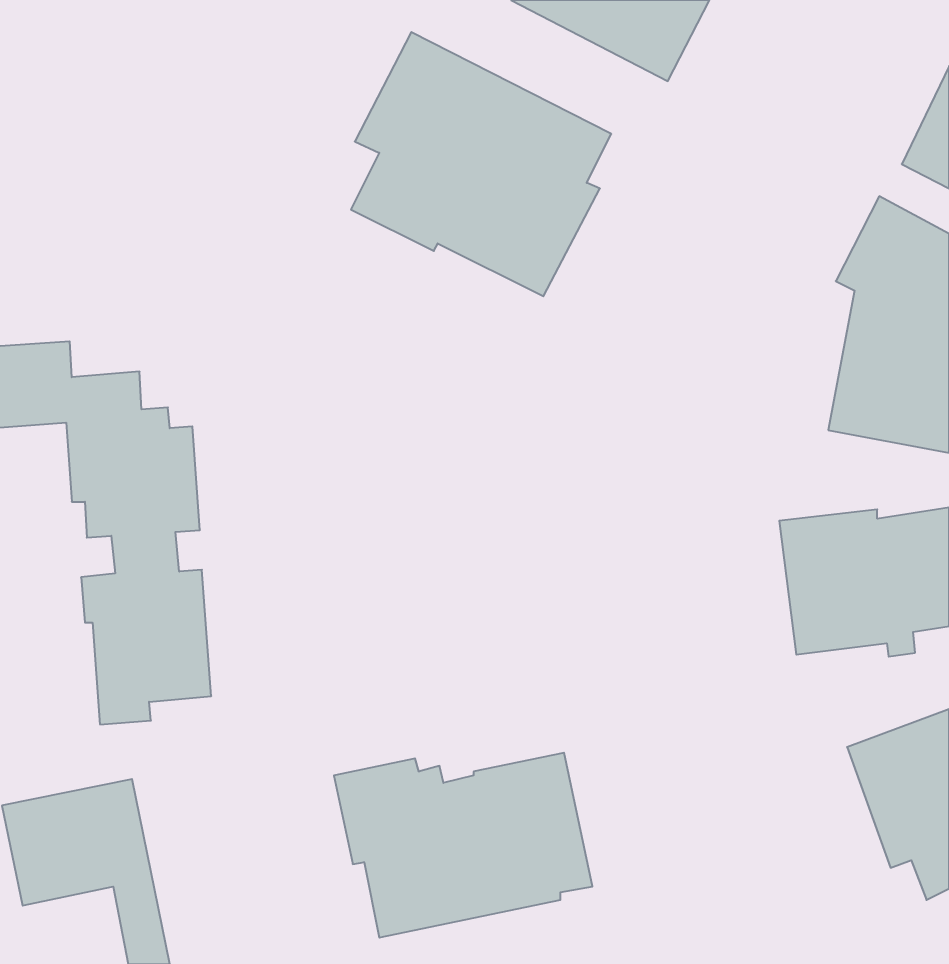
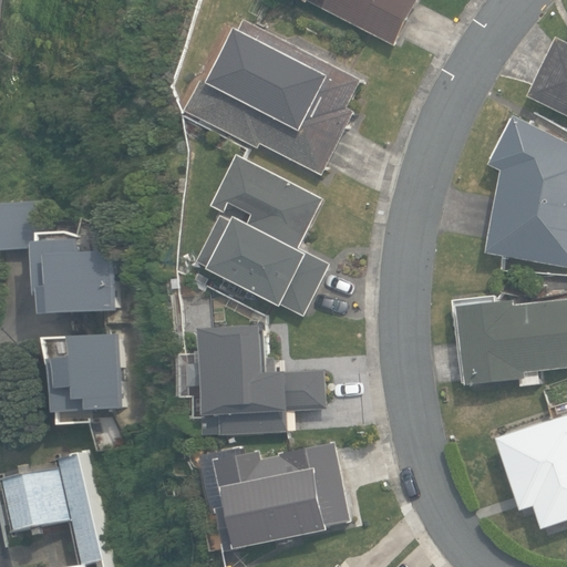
building: none -> [194,154,328,316]
building: none -> [175,326,326,435]

